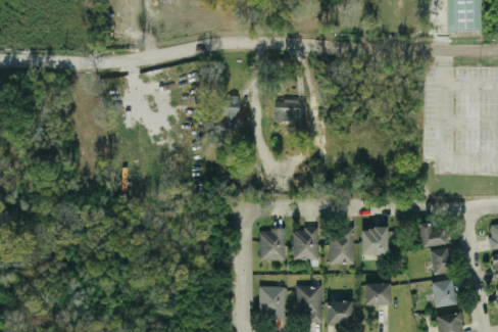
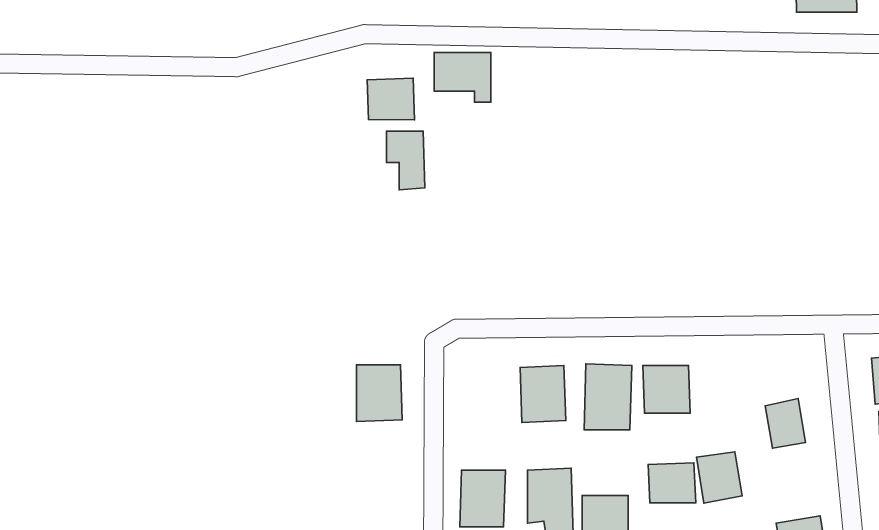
building: none -> [367,78,414,120]
building: [275,101,306,129] -> [434,53,491,102]
building: [419,223,447,247] -> none
building: [260,230,286,262] -> [356,365,402,422]
building: [431,280,456,309] -> [696,452,742,503]

